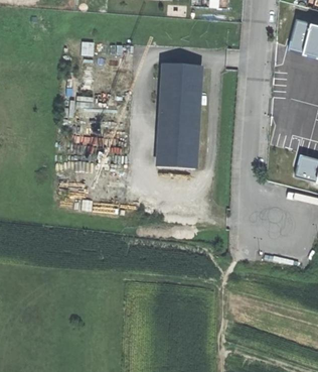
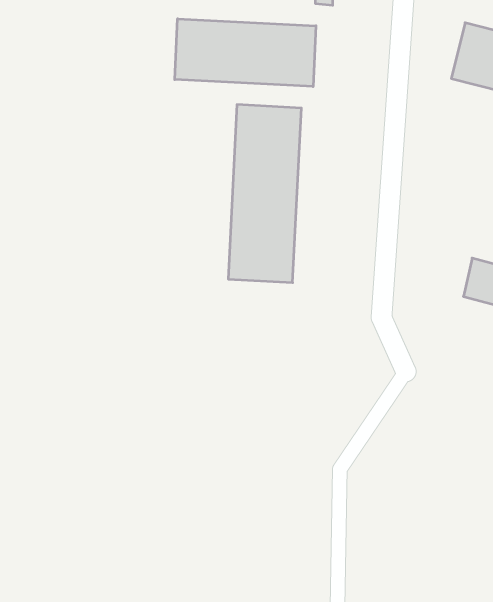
building: none -> [175,19,316,87]

